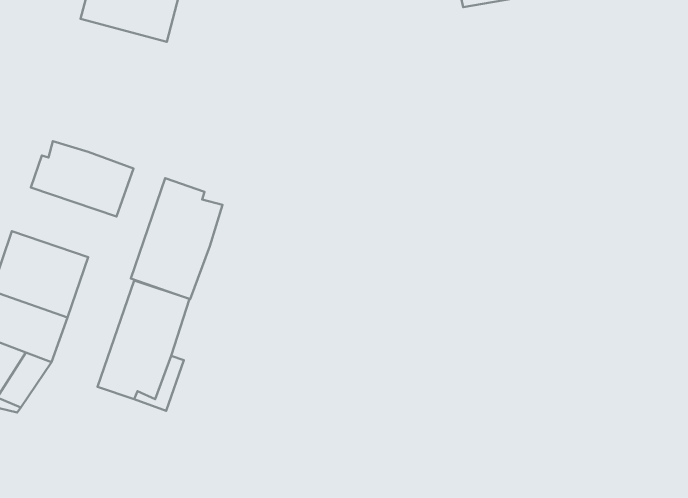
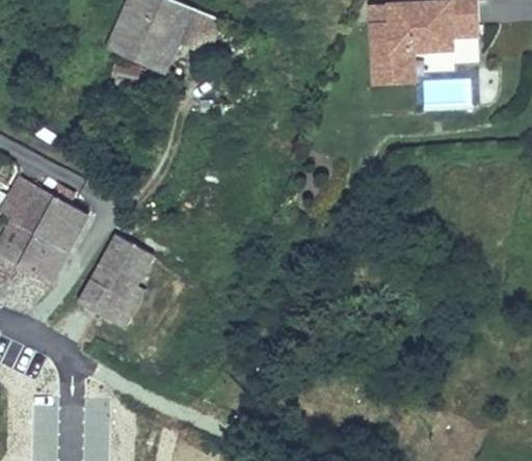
building: [31,141,133,217] -> none
building: [131,178,223,299] -> none

